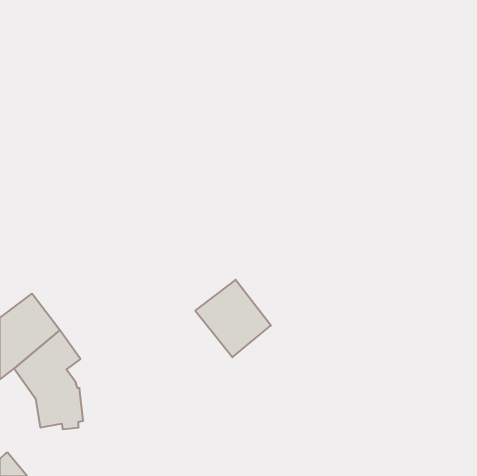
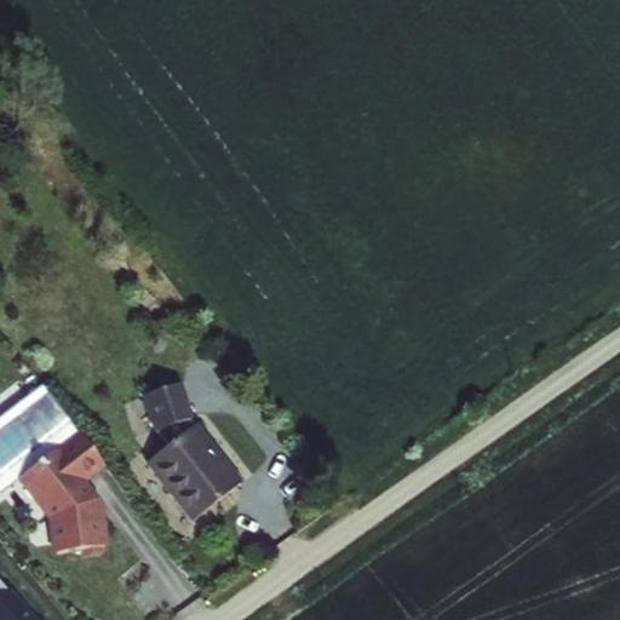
building: [195,280,271,357] -> [144,420,242,521]
building: none -> [140,379,194,430]

